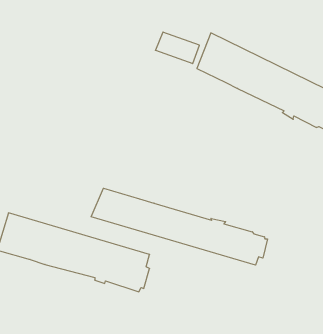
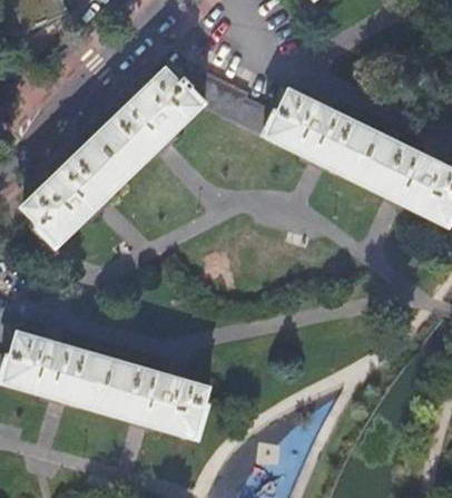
building: none -> [22,67,204,244]
building: [91,188,267,265] -> none

